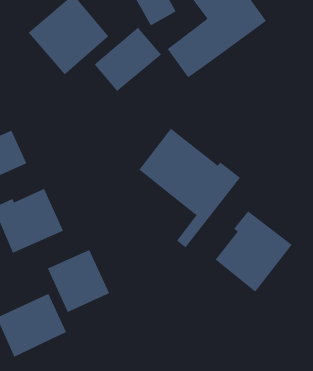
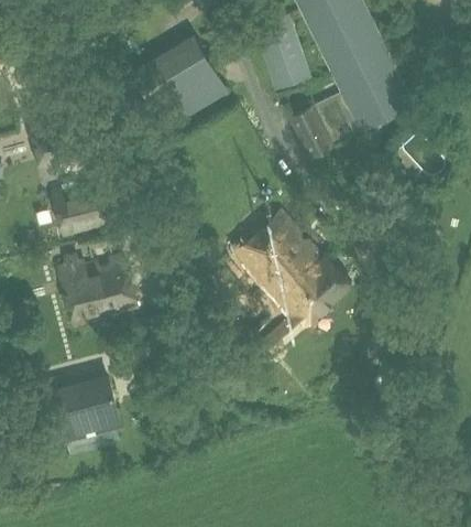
building: [94,27,162,92] -> none
building: [215,210,293,292] -> none
building: [47,249,110,313] -> none

